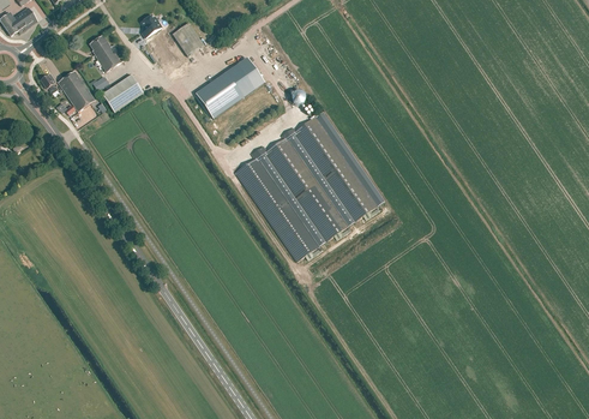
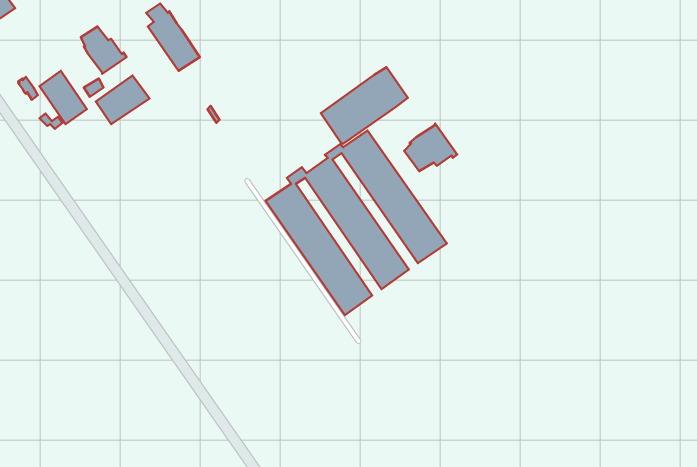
building: [173,23,204,56] -> none
building: [196,58,264,118] -> [321,67,408,144]
building: none -> [404,124,457,171]

